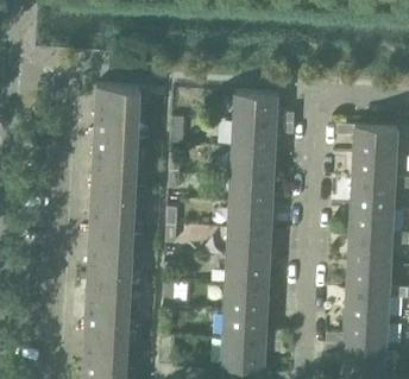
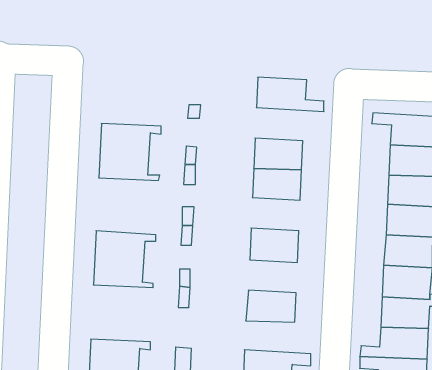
building: [94,86,150,137] -> none
building: [232,120,294,150] -> none
building: [89,183,145,234] -> none
building: [228,201,272,230] -> none
building: [226,257,270,286] -> none
building: [84,279,140,330] -> none
building: [222,311,283,341] -> none

